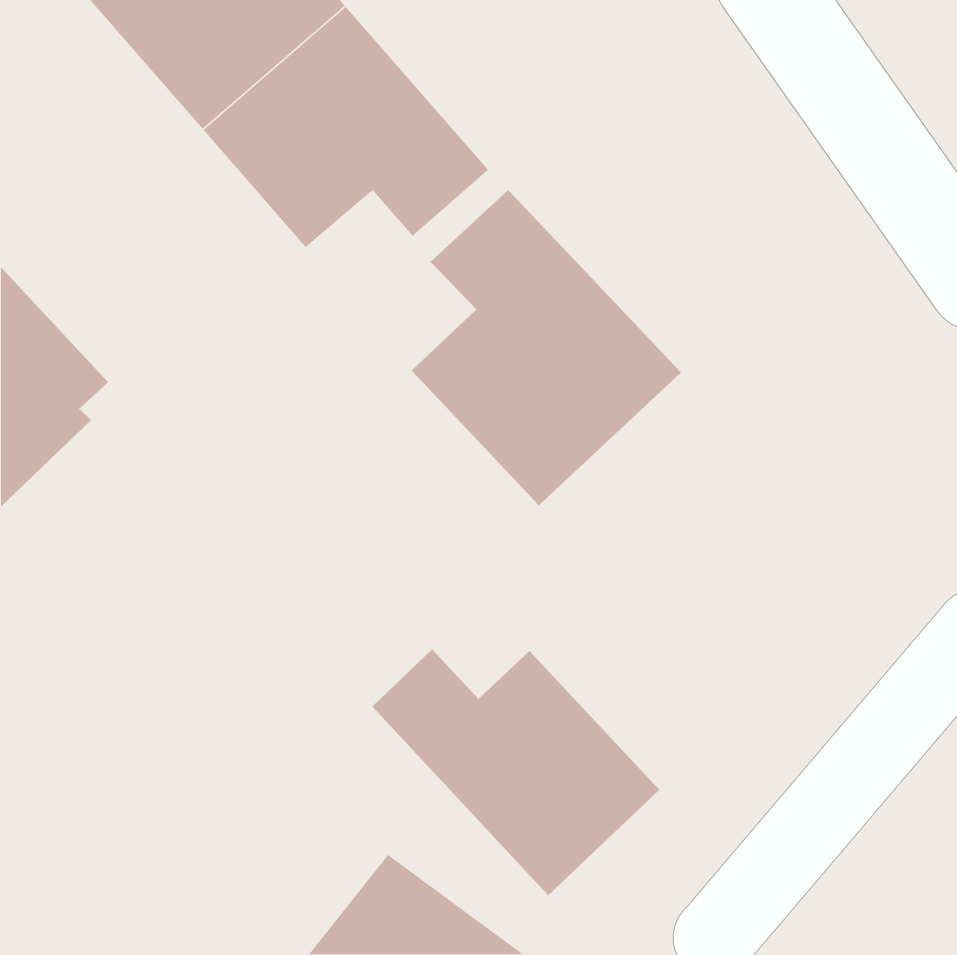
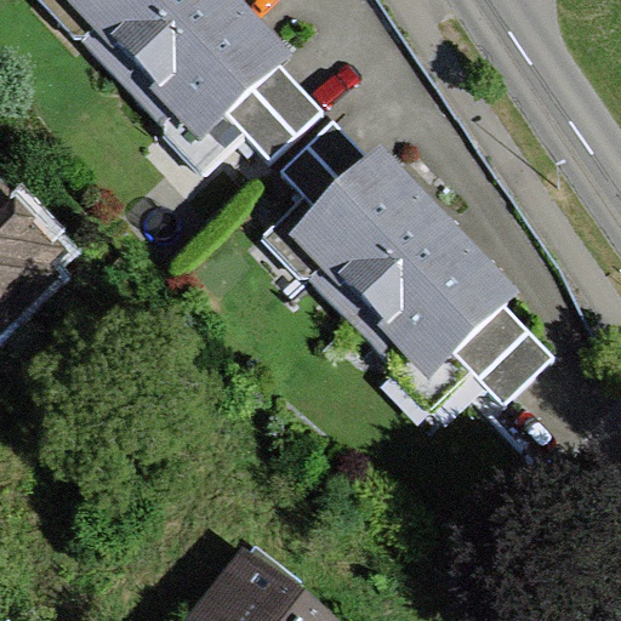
building: none -> [354,237,552,405]
building: [372,648,660,896] -> none

